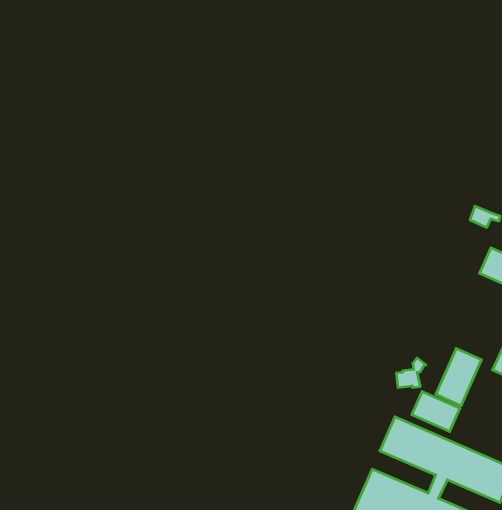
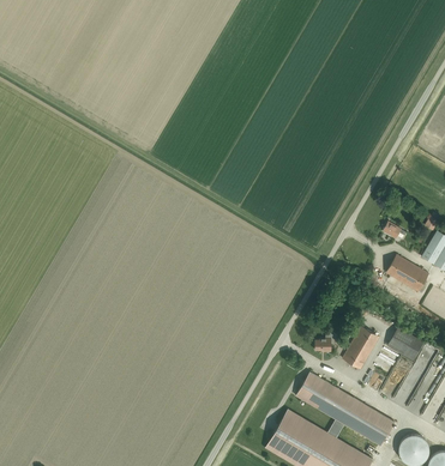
building: [412,391,460,432] -> none

